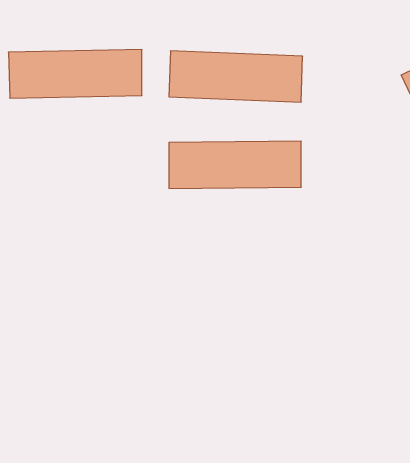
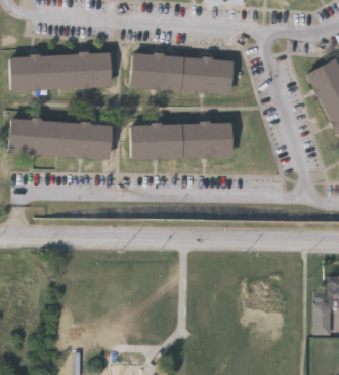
building: none -> [8,119,112,159]

